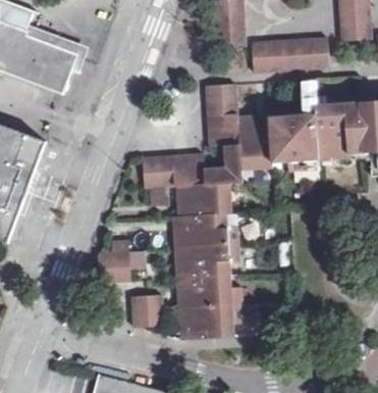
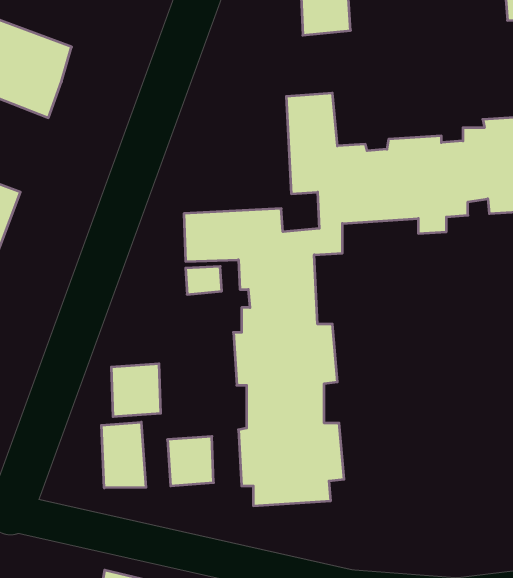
building: [253,36,327,68] -> none
building: none -> [101,422,146,488]

